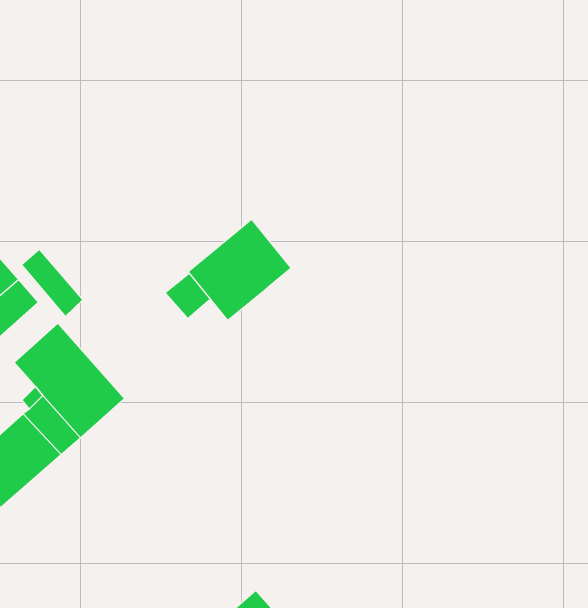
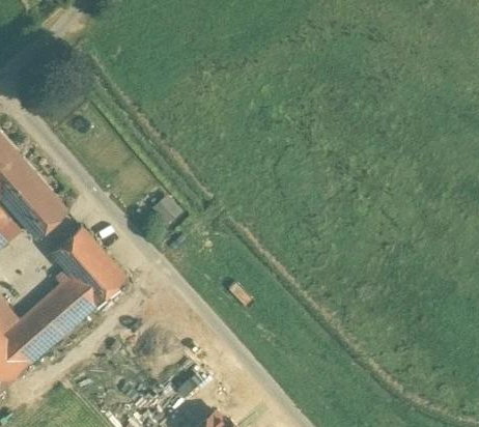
building: [188,219,291,320] -> none
building: [21,249,83,316] -> none

